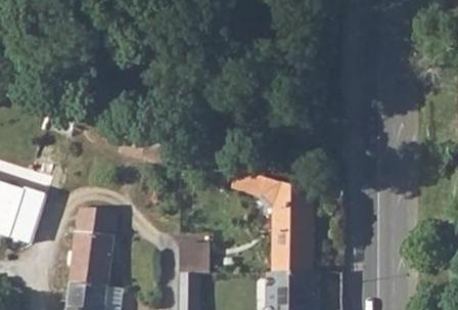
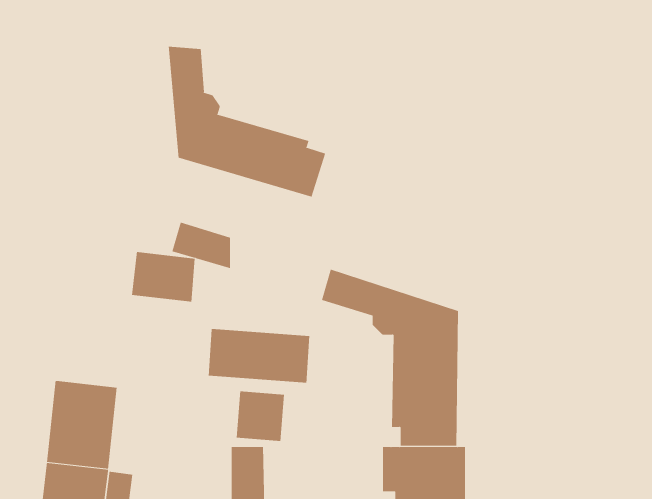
building: none -> [168,46,326,198]
building: none -> [208,328,310,383]
building: [76,208,113,237] -> [131,252,196,302]

